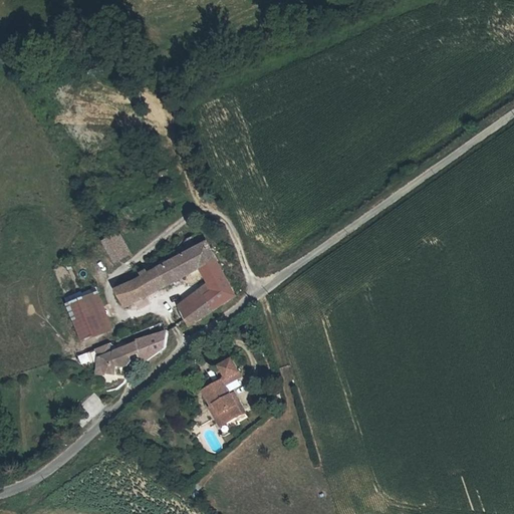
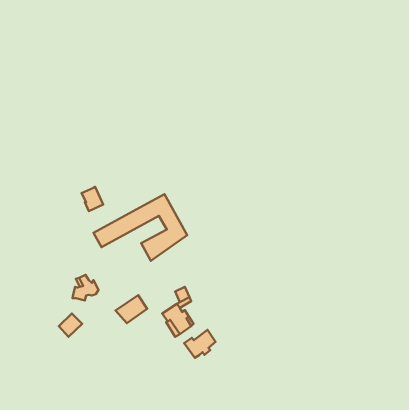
building: [64,285,112,342] -> none
building: [122,325,162,360] -> [116,295,147,323]
building: none -> [184,330,216,358]

